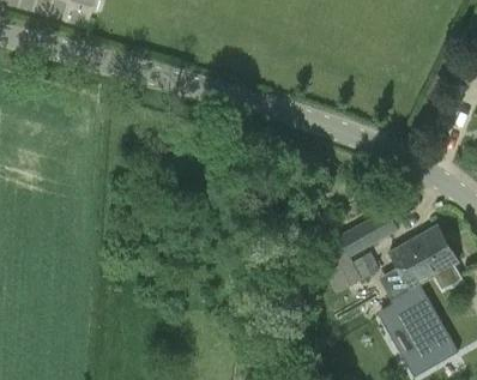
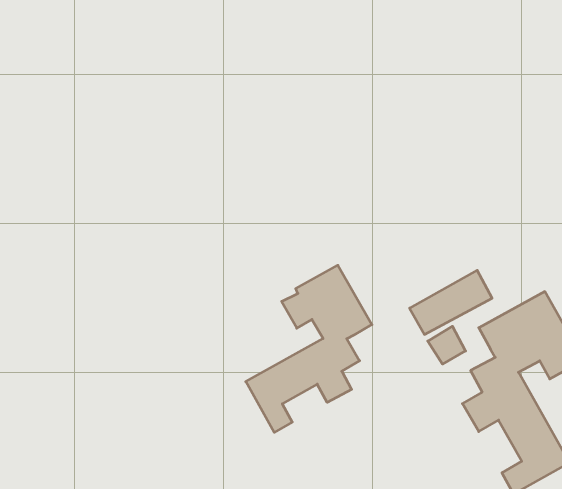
building: none -> [246,265,372,432]

